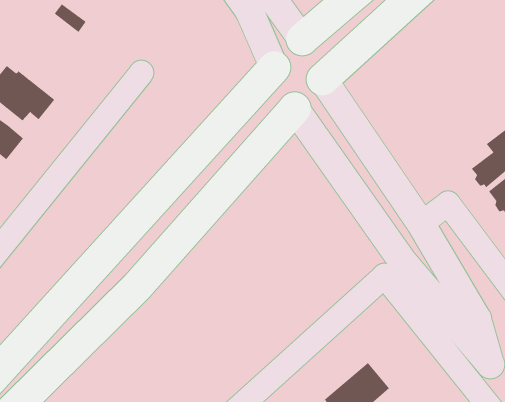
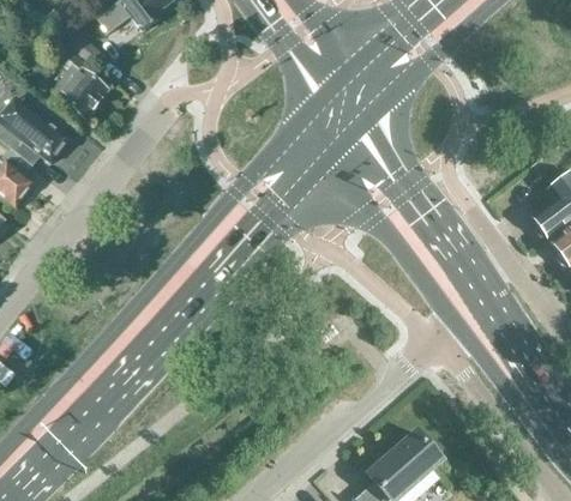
building: none -> [50,46,108,117]

